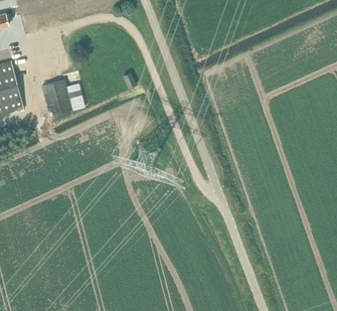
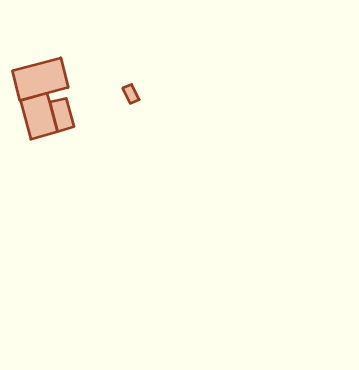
building: none -> [13,58,68,100]

